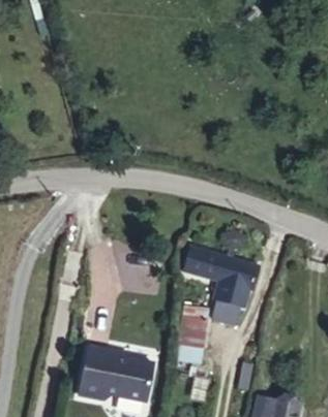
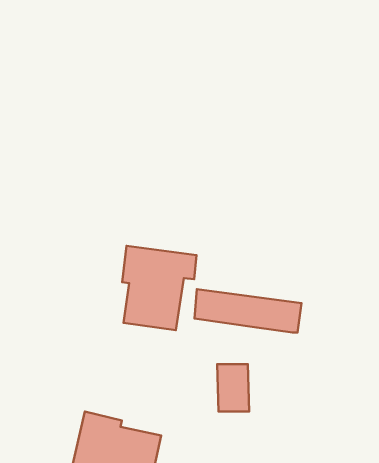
building: none -> [122,246,196,330]
building: [221,277,254,318] -> none

